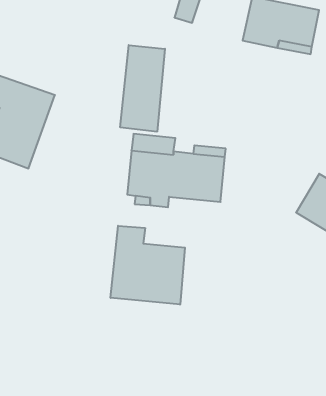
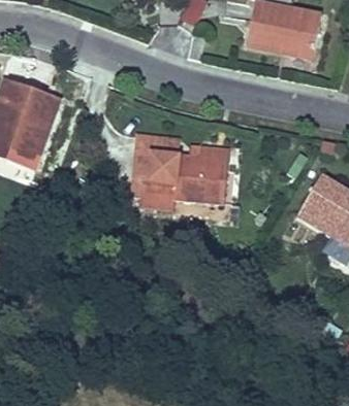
building: [120,45,165,132] -> none
building: [111,226,185,305] -> none

